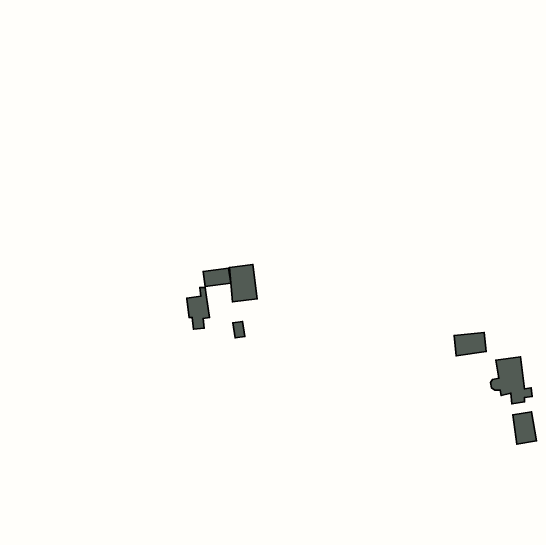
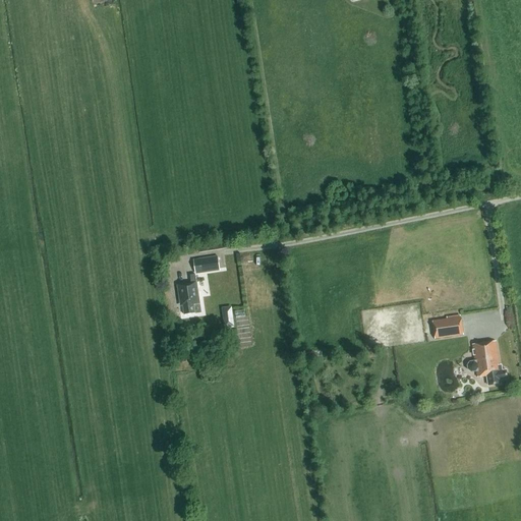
building: [229,265,257,302] -> none
building: [513,412,536,444] -> none

